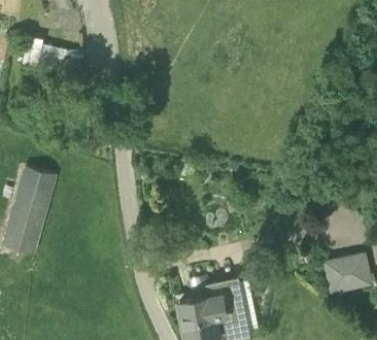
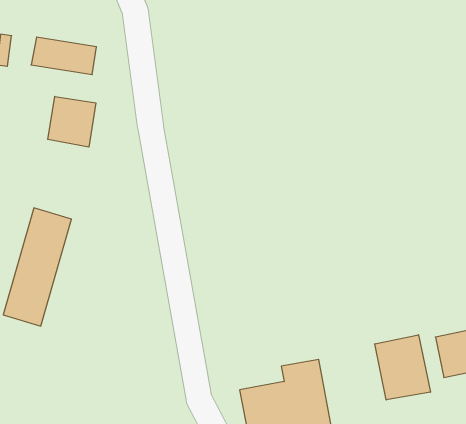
building: none -> [48,96,96,147]
building: none -> [375,335,430,400]

